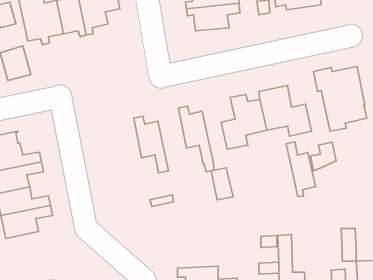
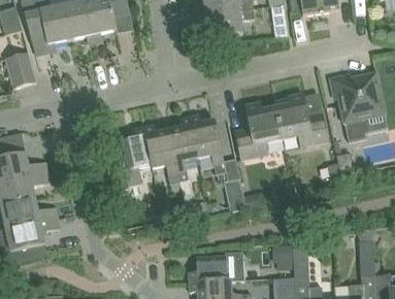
building: none -> [168,118,198,182]
building: none -> [122,128,151,187]
building: [286,142,316,197] -> none
building: none -> [189,253,243,284]

